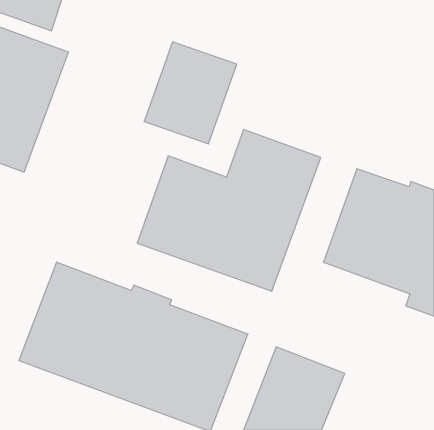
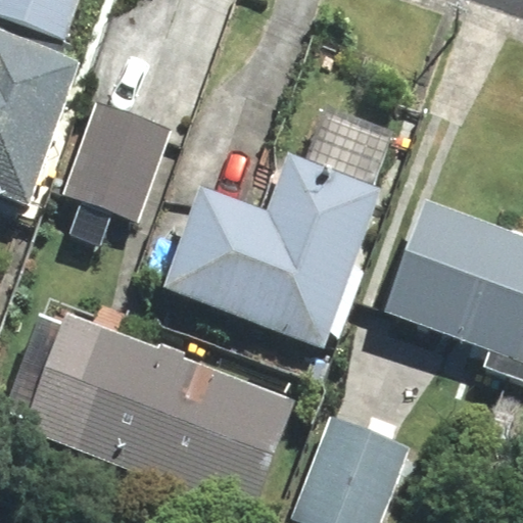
building: [144,42,237,144] -> [61,99,172,221]

